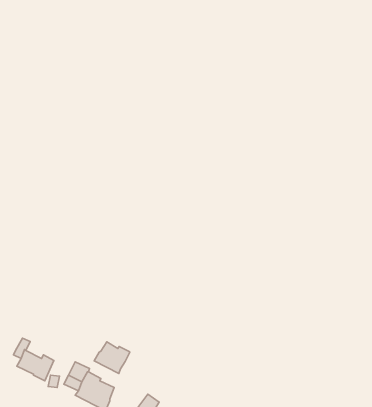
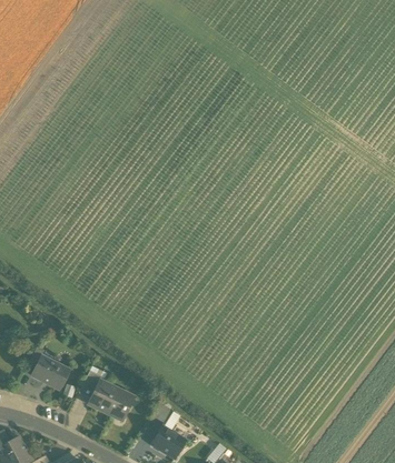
building: [94,342,130,374] -> none

